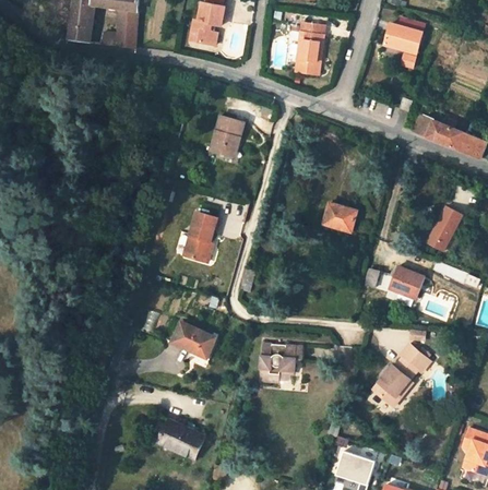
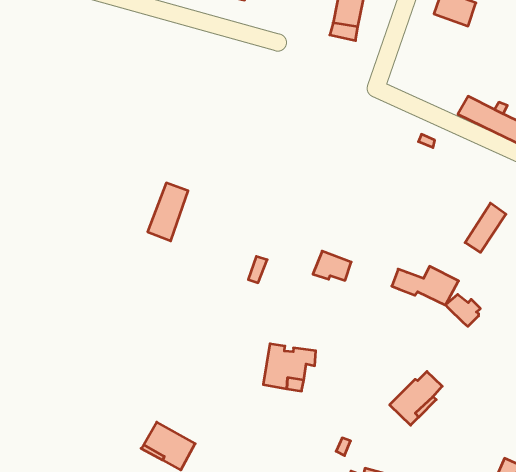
building: [211,115,242,154] -> none
building: [322,204,355,228] -> [313,251,351,280]
building: [183,211,216,261] -> [148,183,188,241]
building: [170,322,215,358] -> none
building: [400,346,430,373] -> [446,294,480,326]

